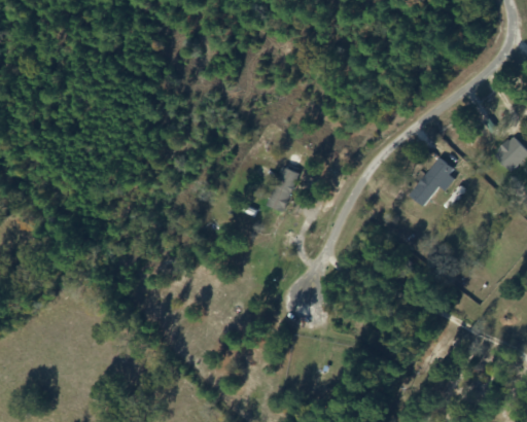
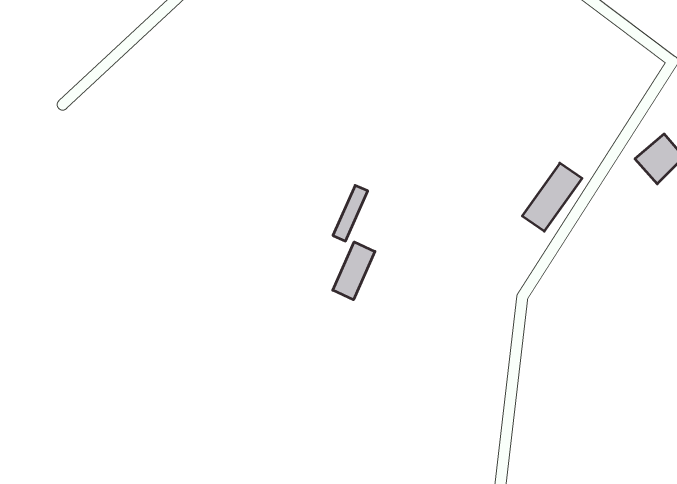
building: none -> [333,242,375,300]

